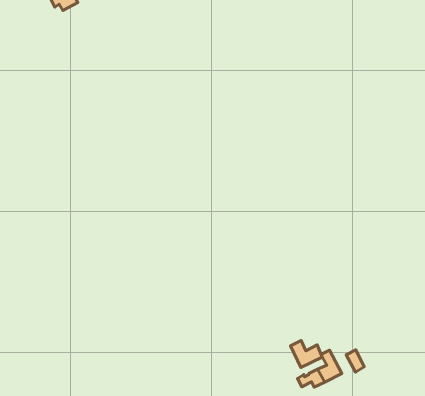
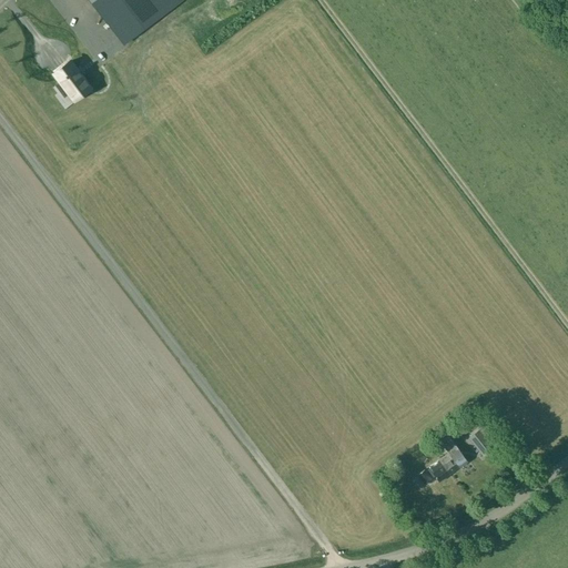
building: [291,341,322,367] -> none

